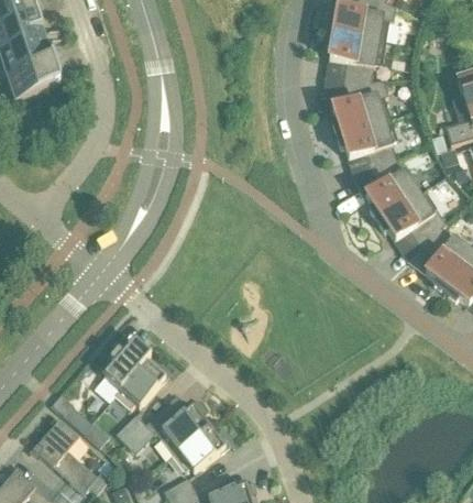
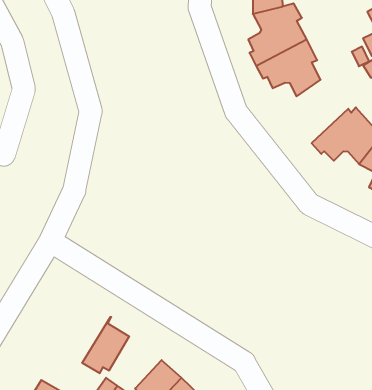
building: [365,157,418,218] -> none
building: [102,340,150,393] -> none

